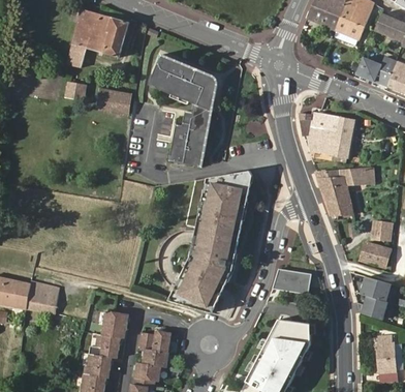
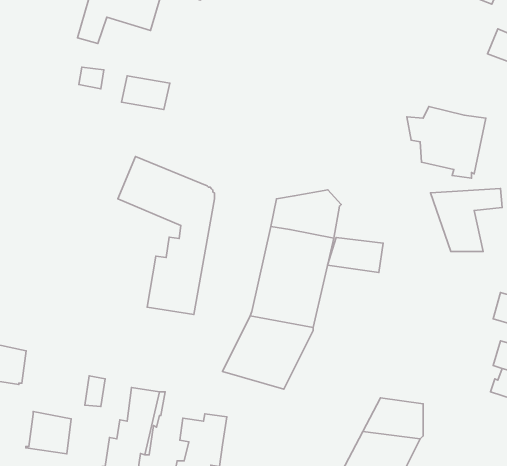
building: [147,54,215,165] -> [118,157,214,315]
building: [272,270,311,295] -> [328,237,383,272]
building: [25,282,57,312] -> [26,411,71,454]

